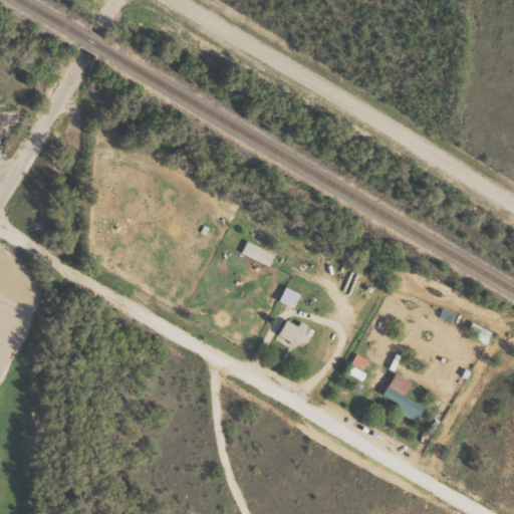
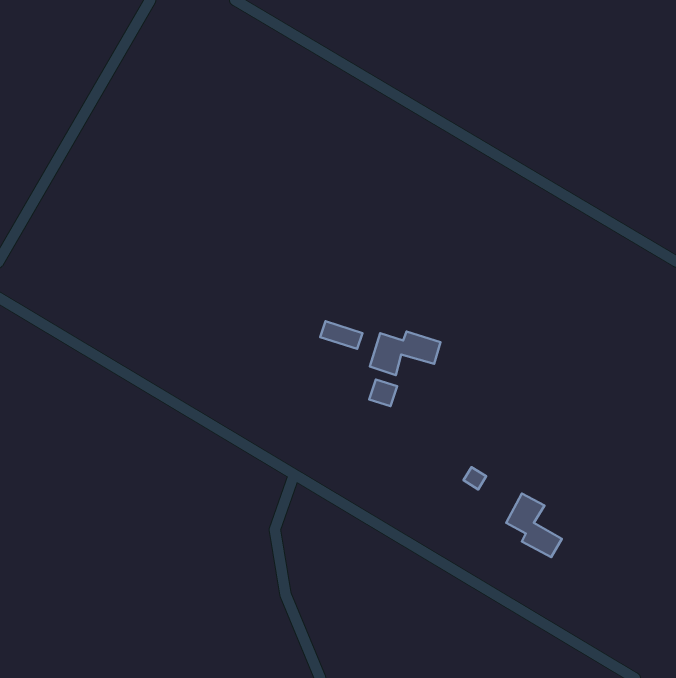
building: none -> [370,332,441,375]
building: [278,320,315,346] -> none

